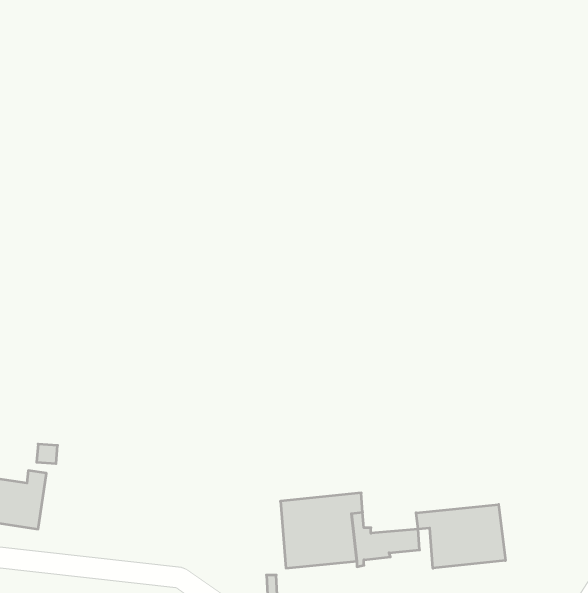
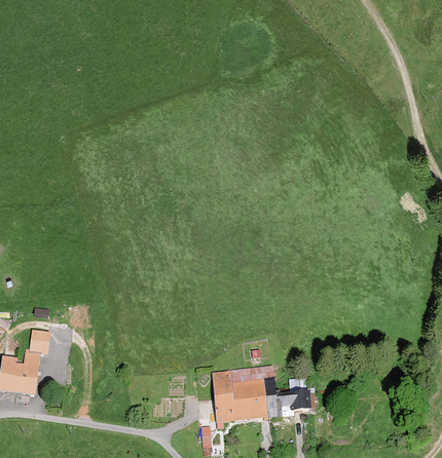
building: [416,504,505,568] -> none

